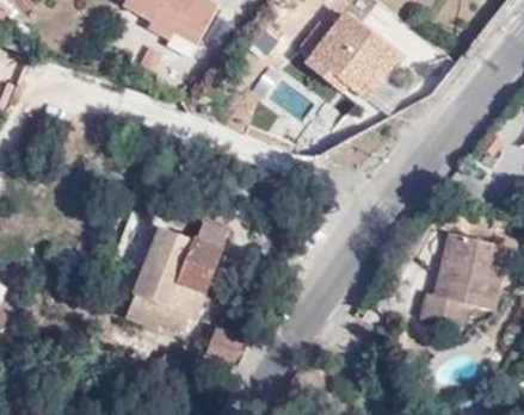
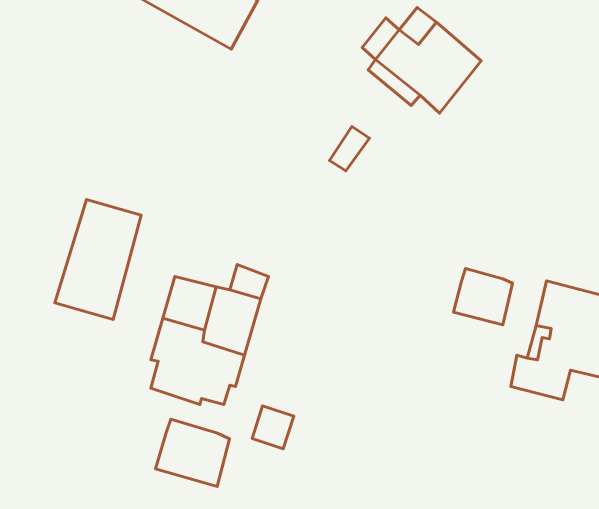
building: none -> [55,200,141,320]
building: none -> [453,269,512,325]
building: none -> [156,419,229,487]

